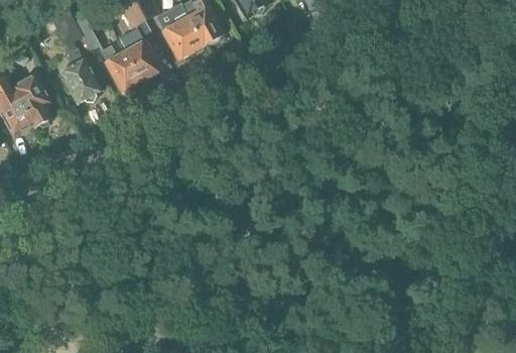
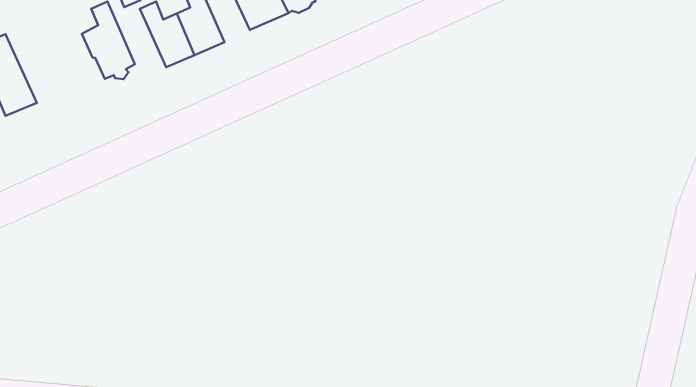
building: [12,73,51,125] -> none

